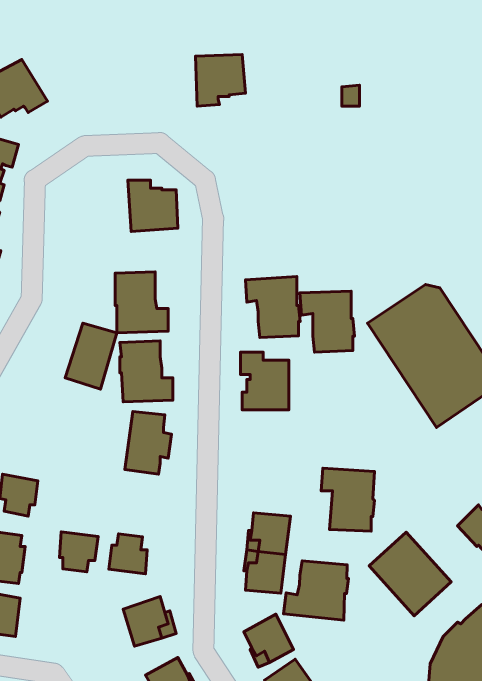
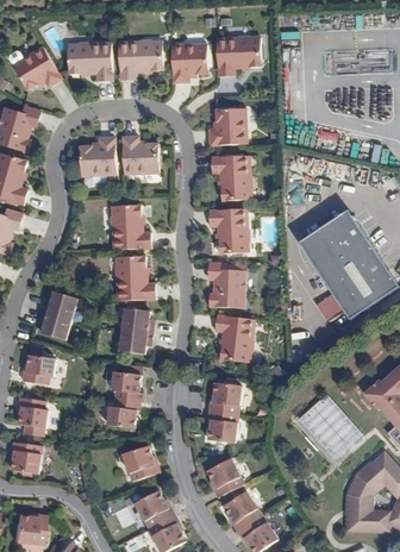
building: none -> [217,36,261,75]
building: none -> [118,39,163,80]
building: none -> [67,42,112,81]
building: none -> [208,107,246,144]
building: none -> [80,137,115,175]
building: [300,291,355,352] -> [210,155,250,200]
building: [65,323,117,389] -> [36,290,74,339]
building: [321,468,374,531] -> [211,314,250,360]
building: [60,532,98,572] -> [112,370,140,400]
building: [284,561,349,620] -> none

